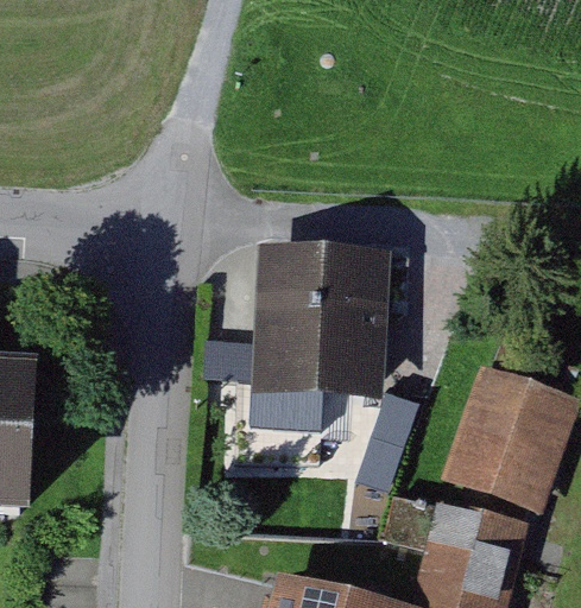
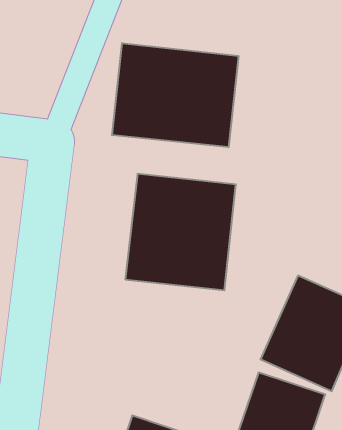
building: none -> [112,43,238,147]

